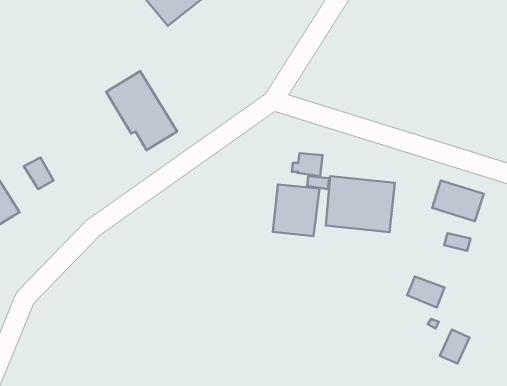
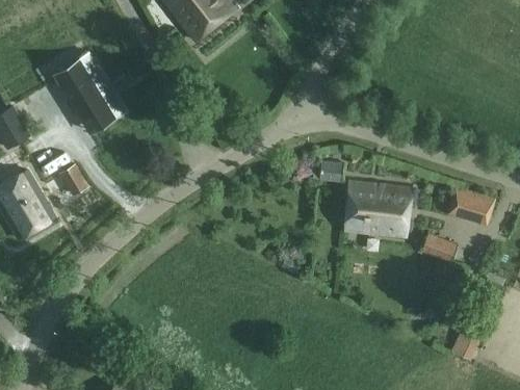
building: [106,71,177,150] -> [55,54,123,129]
building: [273,185,319,236] -> none
building: [407,277,444,307] -> [421,234,457,263]

